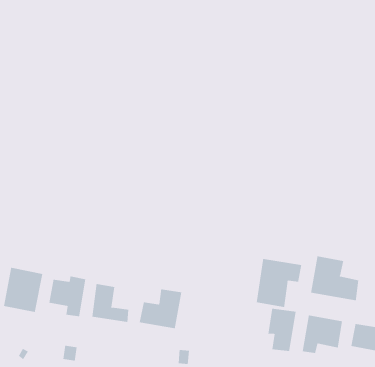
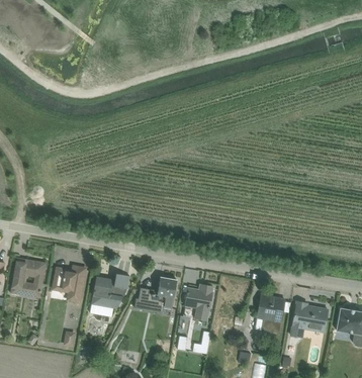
building: [311,255,359,301] -> none
building: [256,258,302,308] -> none
building: none -> [184,284,213,320]

